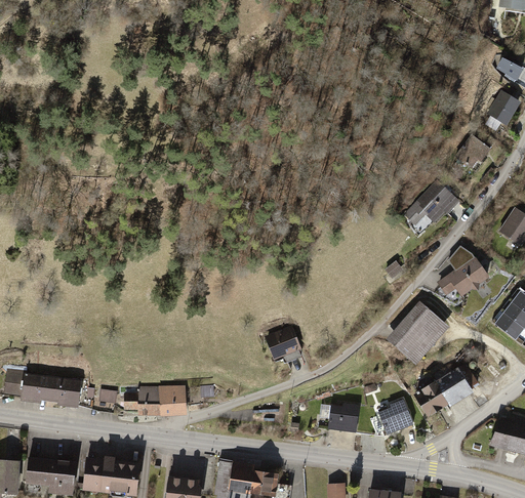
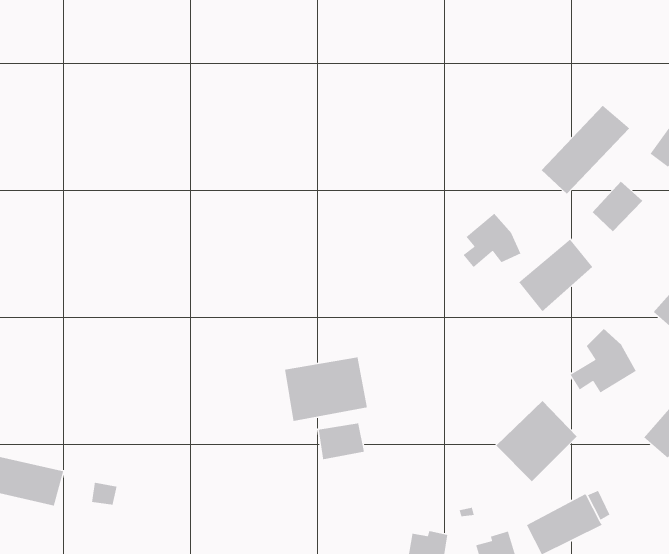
building: none -> [541,105,630,195]
building: none -> [463,213,521,268]
building: none -> [284,357,368,422]
building: [128,386,187,414] -> none

